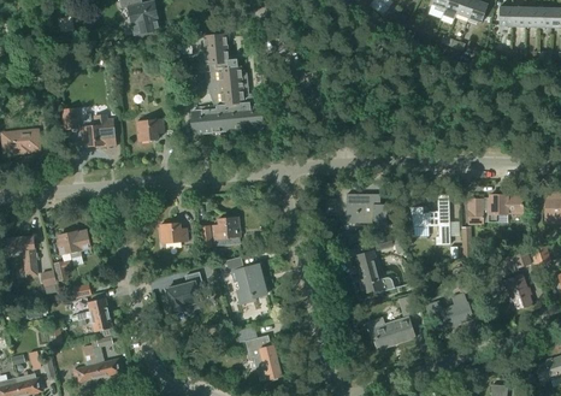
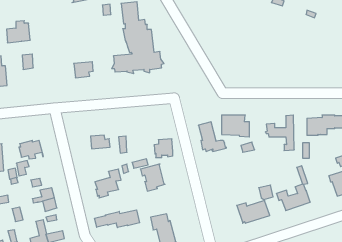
building: [82,114,116,146] -> [7,21,30,43]
building: [213,217,240,243] -> [154,139,173,158]
building: [355,250,395,292] -> [198,122,226,151]
building: none -> [95,210,140,228]

